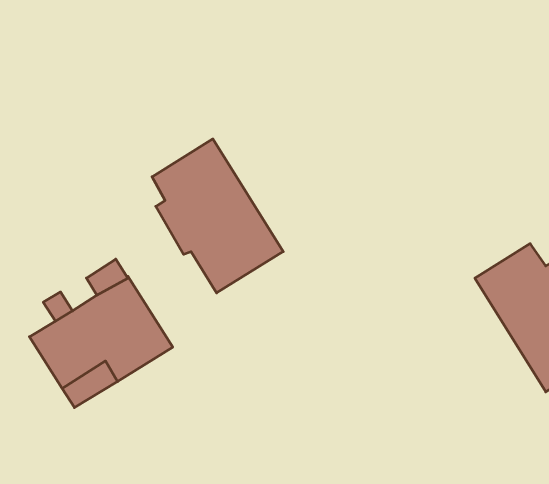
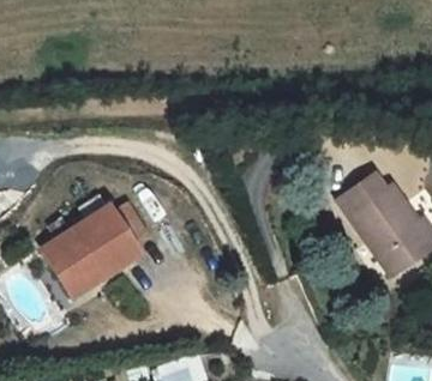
building: [152,139,283,293] -> none

